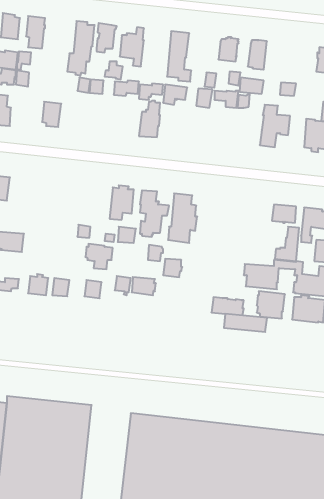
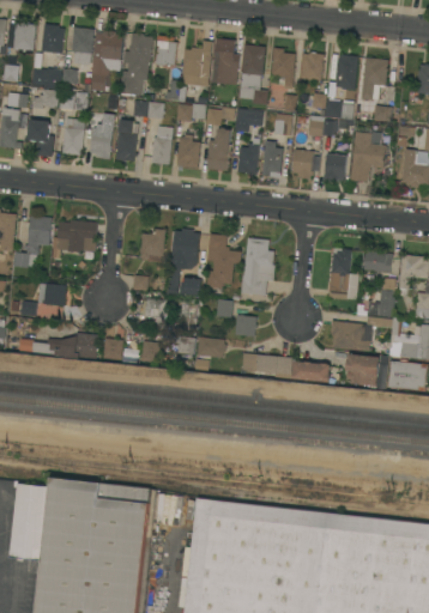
building: none -> [91,30,123,93]
building: none -> [212,38,241,84]
building: none -> [271,47,296,86]
building: none -> [362,57,388,99]
building: none -> [62,117,85,156]
building: none -> [116,119,145,162]
building: none -> [151,126,173,165]
building: none -> [177,134,200,168]
building: none -> [237,138,260,175]
building: none -> [262,140,283,177]
building: none -> [292,148,314,178]
building: none -> [324,153,346,182]
building: none -> [52,220,98,257]
building: none -> [140,229,165,260]
building: none -> [328,247,361,299]
building: [224,314,267,332] -> [242,352,294,374]

